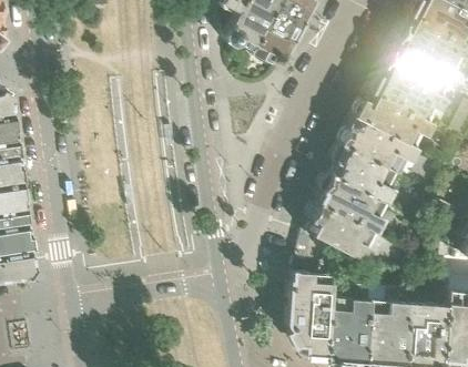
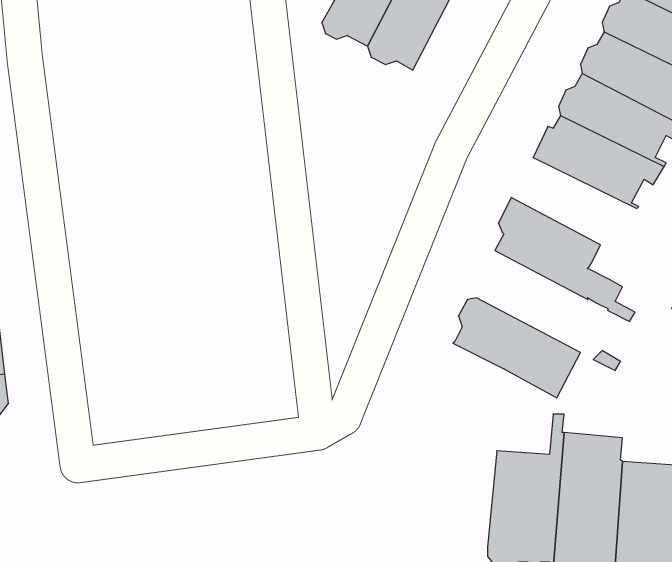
building: [343,116,419,170] -> none
building: [322,173,393,235] -> none
building: [289,230,338,354] -> none

